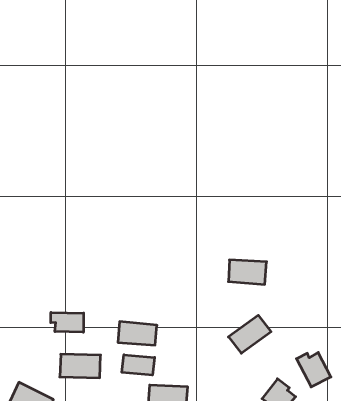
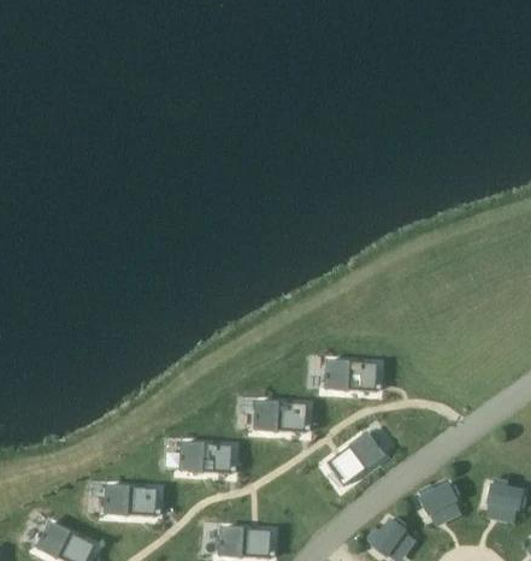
building: none -> [254,398,307,433]
building: [51,312,84,332] -> none
building: [122,355,155,375] -> none

